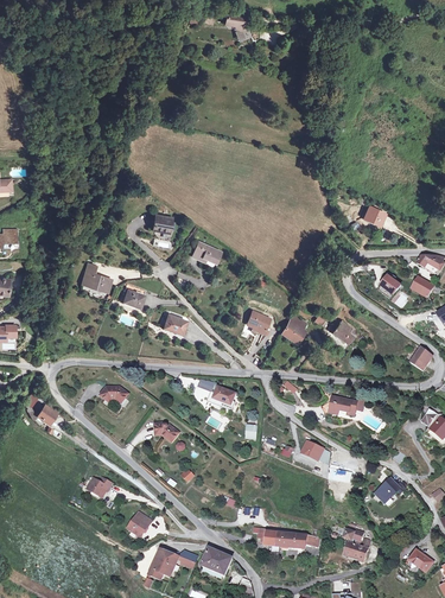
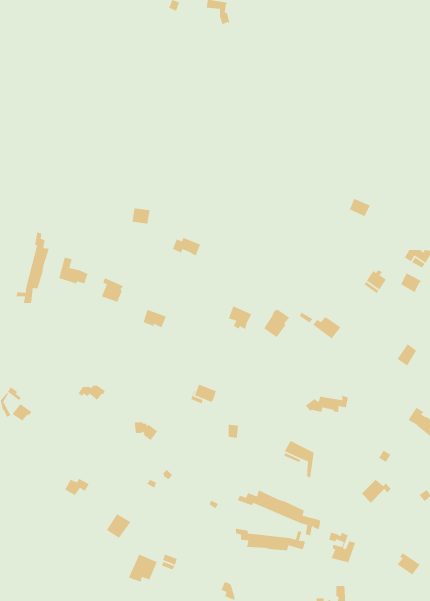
building: none -> [16,231,50,304]
building: none -> [237,489,321,536]
building: [201,547,231,575] -> none

